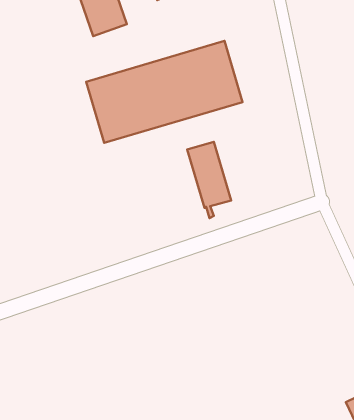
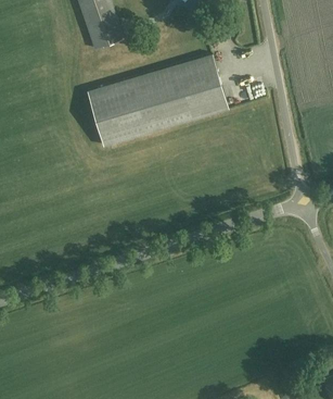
building: [187,142,231,218] -> none

